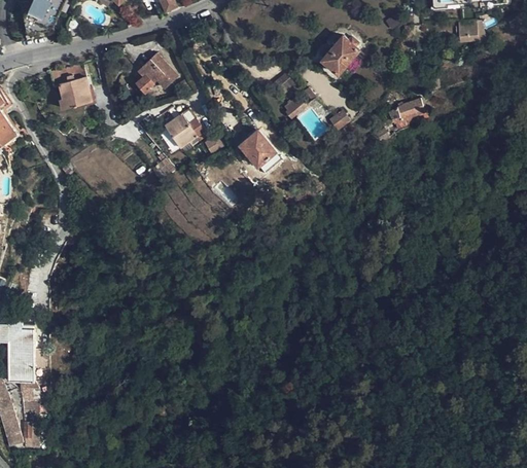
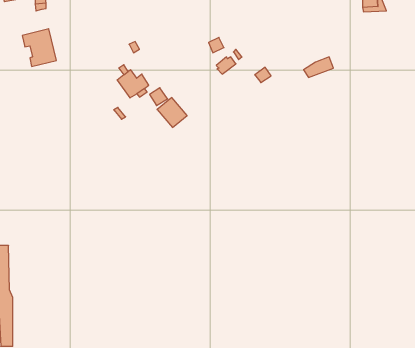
building: [318,36,359,74] -> none
building: [136,53,177,94] -> none
building: [240,131,276,167] -> [157,98,187,127]

